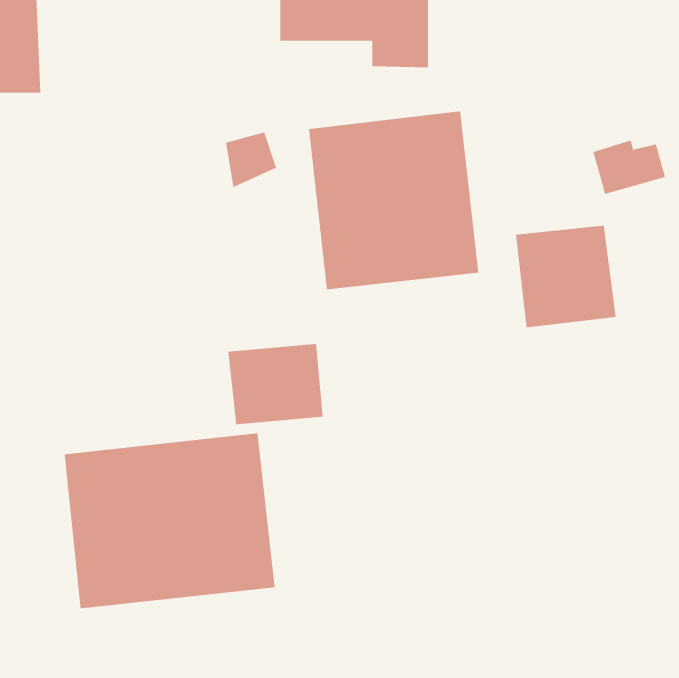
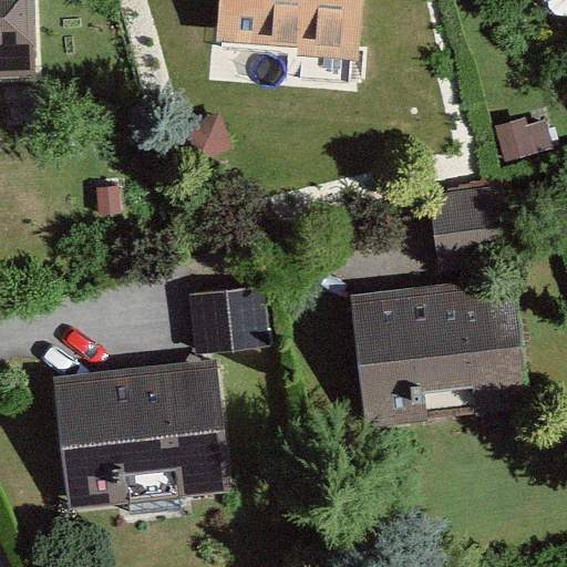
building: [308,111,479,290] -> none
building: none -> [349,279,528,426]

